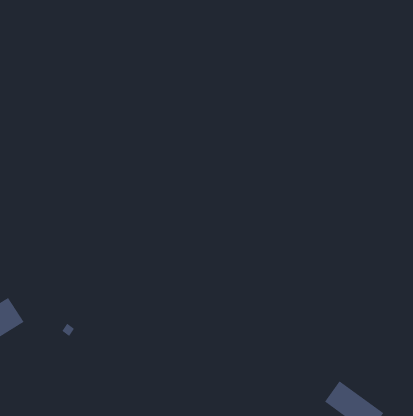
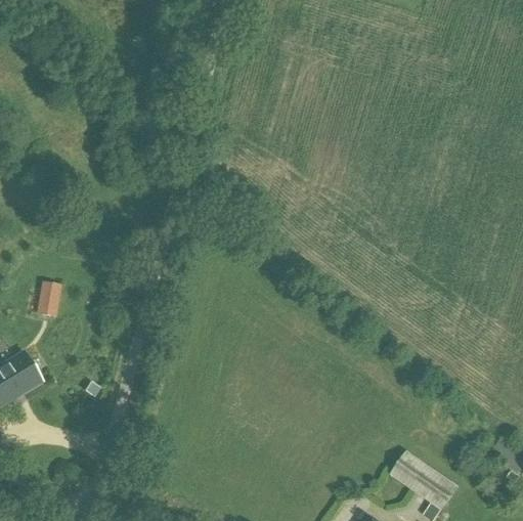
building: none -> [38,283,59,316]

